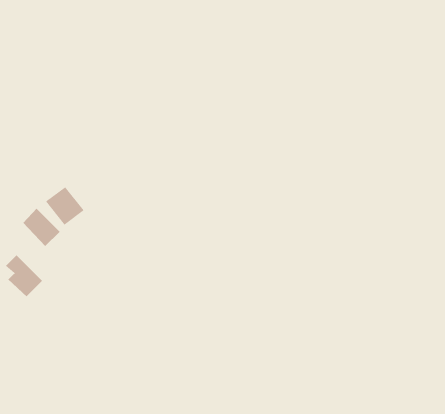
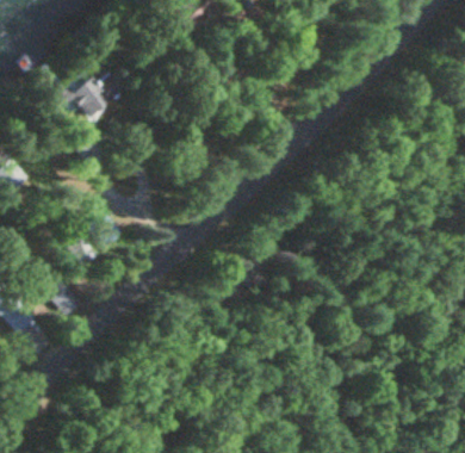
building: none -> [70,67,123,119]

